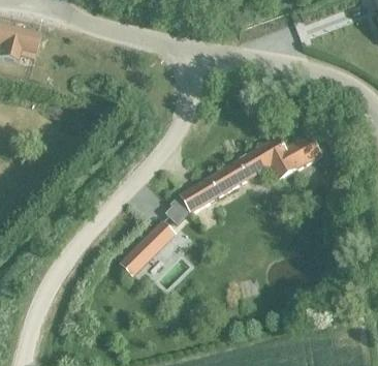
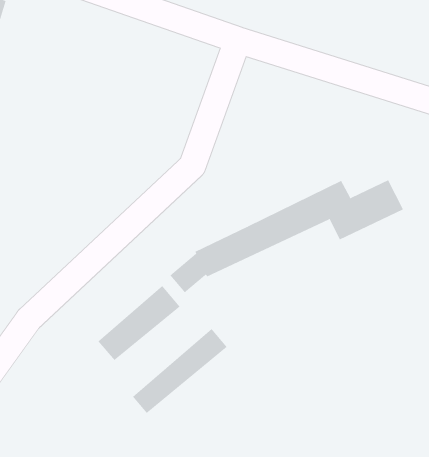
building: none -> [132,328,228,414]

